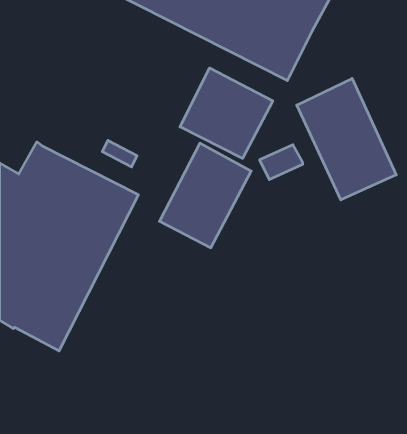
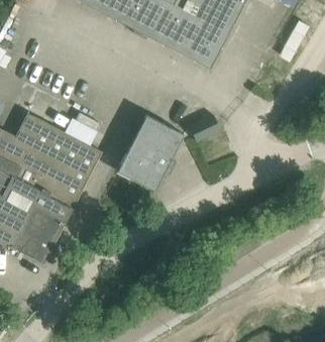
building: [180,68,273,158] -> none
building: [297,78,396,200] -> none

